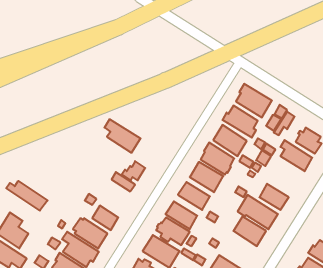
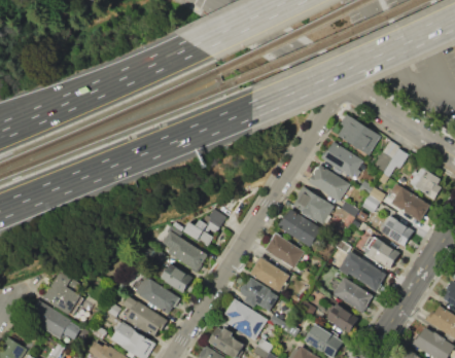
building: [104,119,141,153] -> [163,231,207,273]
building: none -> [380,216,414,247]
building: [6,181,48,211] -> none
building: none -> [325,303,359,334]

